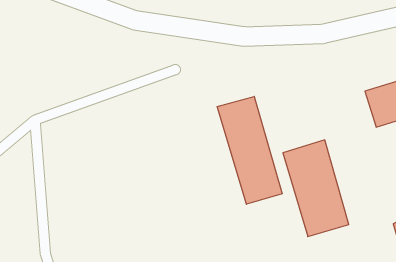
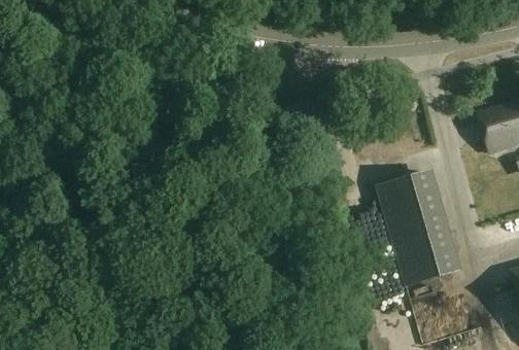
building: [217,96,282,204] -> none

